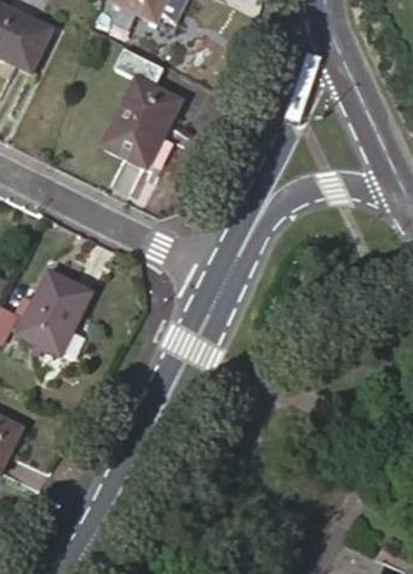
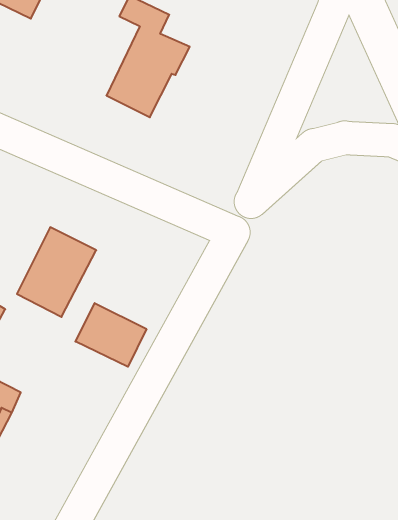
building: none -> [75,303,146,367]

